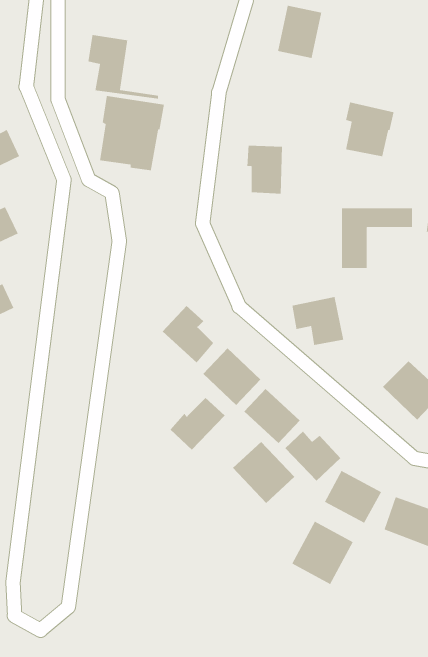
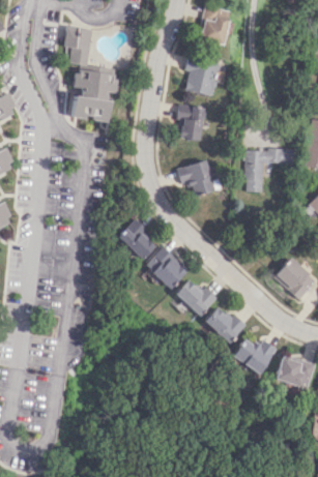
building: [345,102,395,157] -> [185,57,221,96]
building: [291,296,344,346] -> [177,160,214,196]
building: [169,397,226,450] -> none
building: [232,441,295,504] -> none
building: [291,520,354,585] -> none

